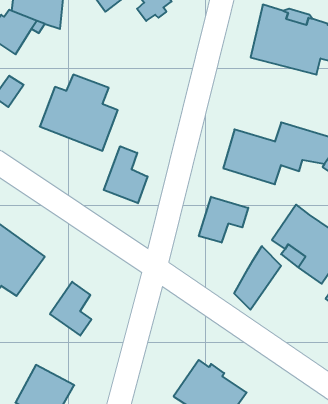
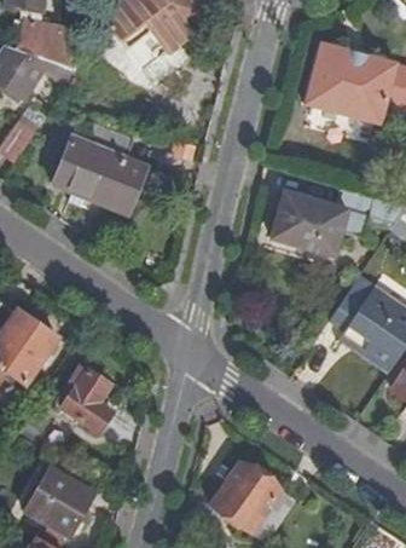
building: [104,146,148,203] -> none
building: [199,197,248,243] -> none
building: [234,246,281,310] -> none

